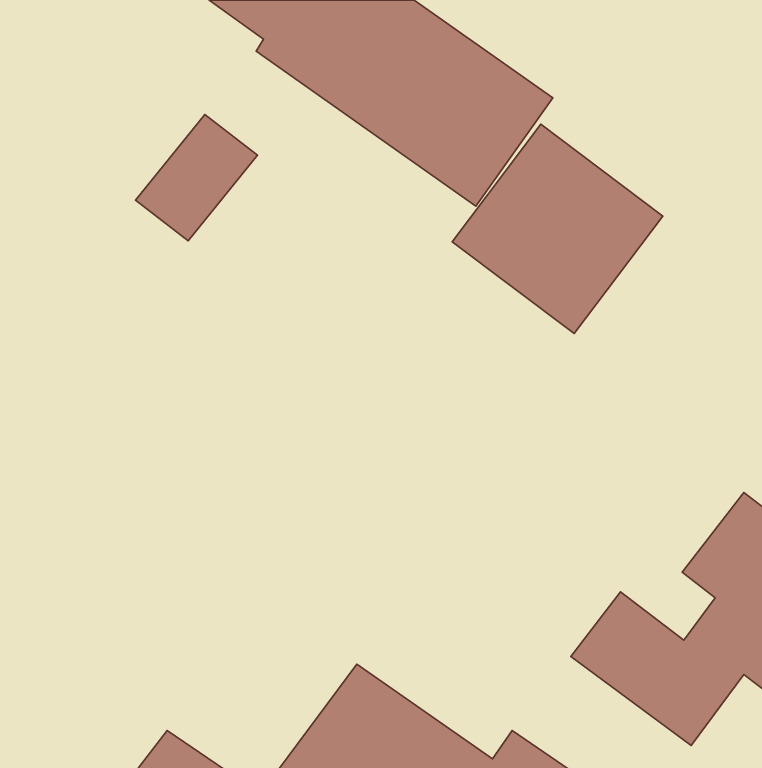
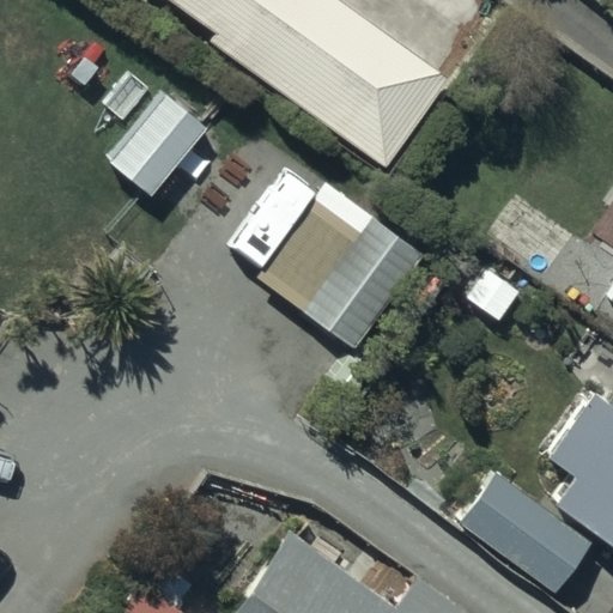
building: [452,124,663,334] -> [257,183,425,350]

